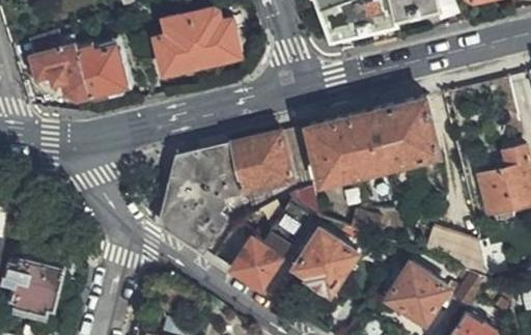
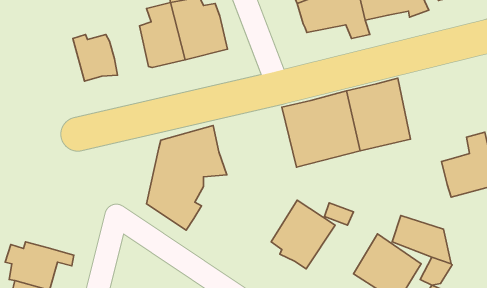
building: [28,46,92,103] -> none
building: [230,128,292,194] -> none
building: [228,205,305,295] -> none

